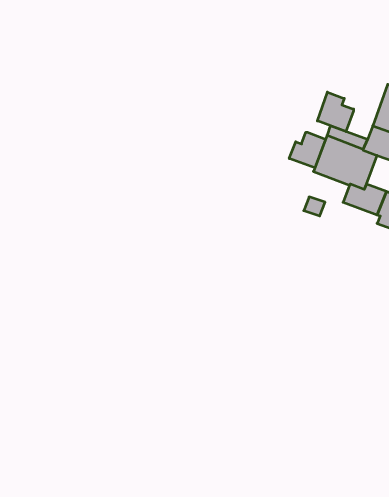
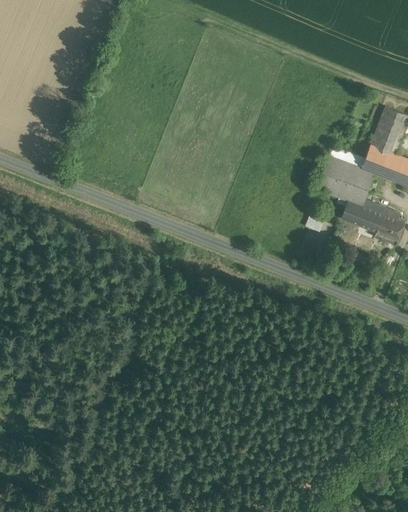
building: [317,92,354,132] -> none
building: [289,132,326,168] -> none

